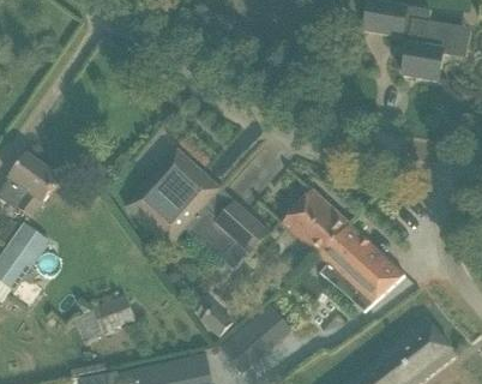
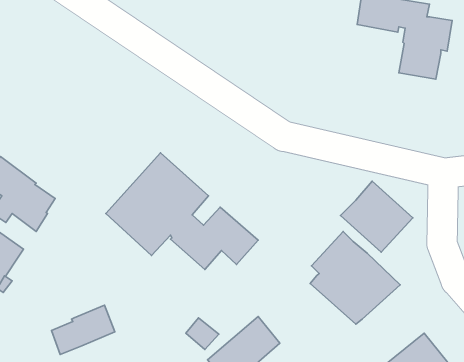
building: [282,188,350,256] -> [341,181,413,252]

